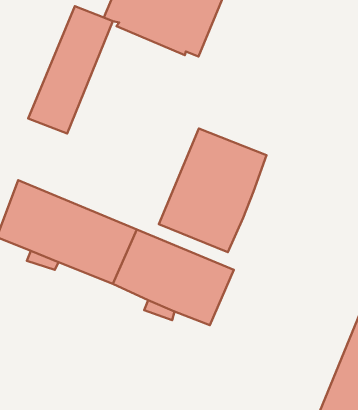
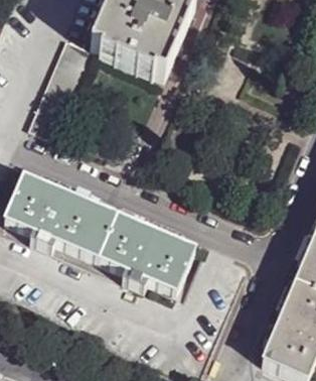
building: [159,128,267,252] -> none

